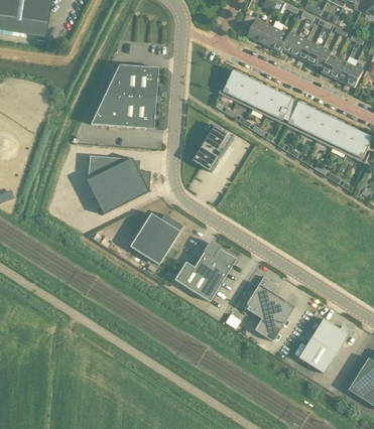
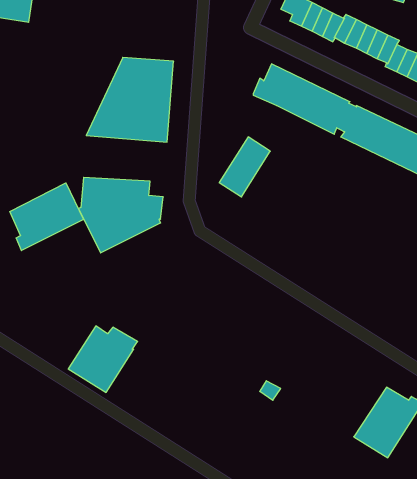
building: none -> [10,183,83,251]
building: [129,212,182,264] -> [68,326,138,392]
building: [173,241,235,301] -> none
building: [242,276,294,341] -> none

